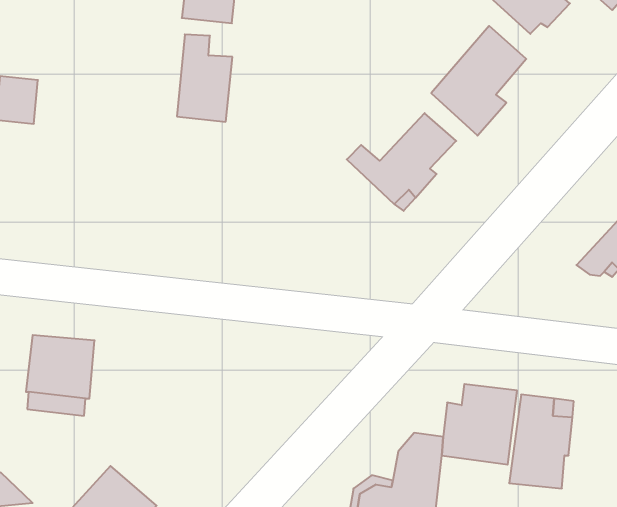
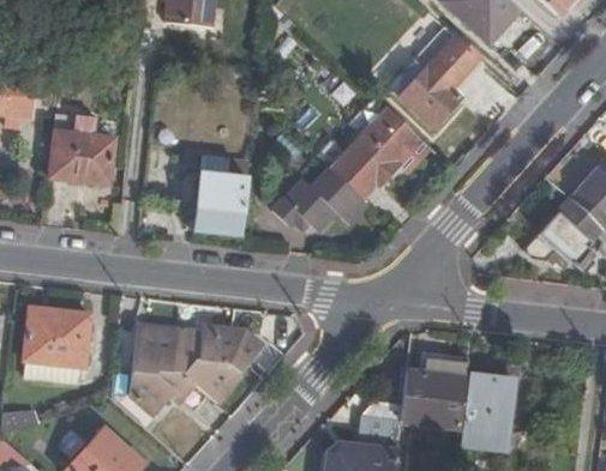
building: [177,34,232,122] -> [197,155,247,234]
building: none -> [50,132,114,183]
building: none -> [270,167,365,229]
building: none -> [109,325,262,424]

